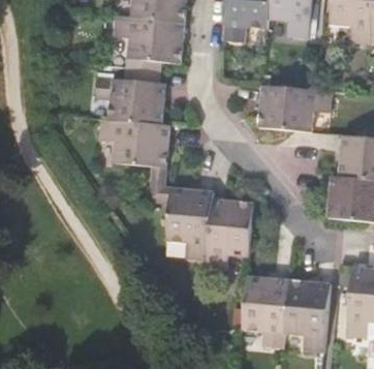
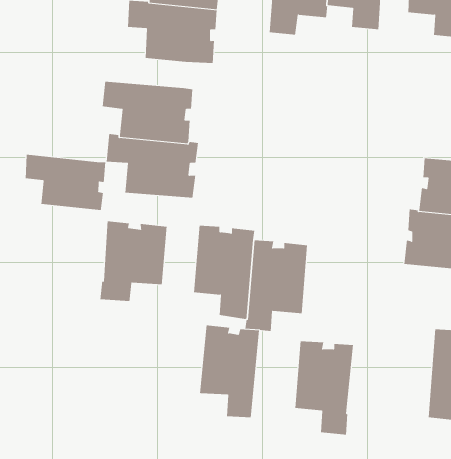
building: [258,85,330,132] -> none
building: none -> [25,154,106,211]
building: none -> [100,221,167,302]
building: [283,279,330,350] -> [199,325,260,418]

